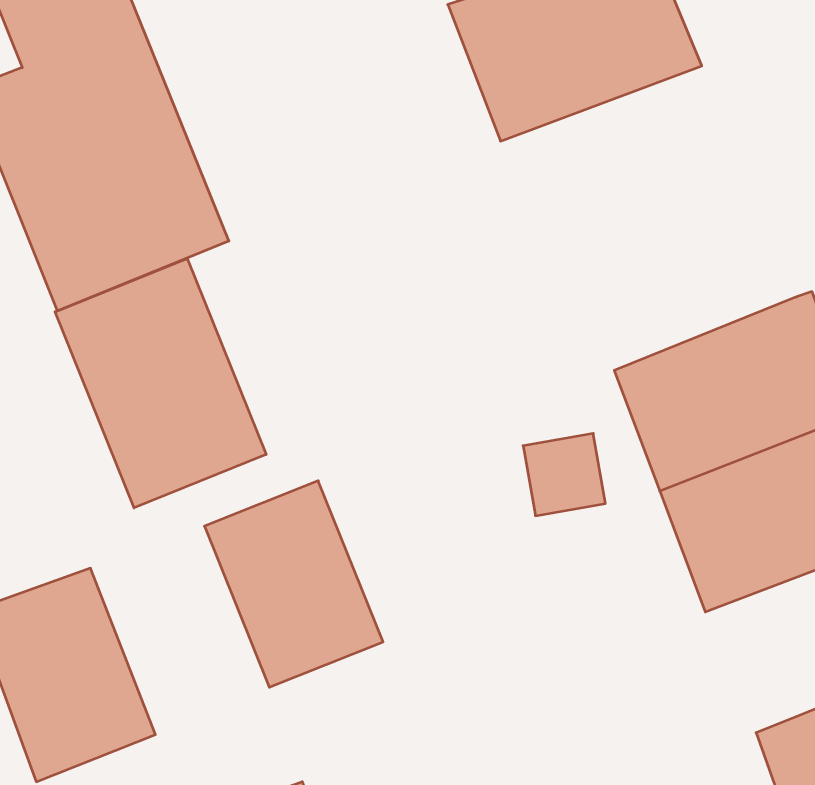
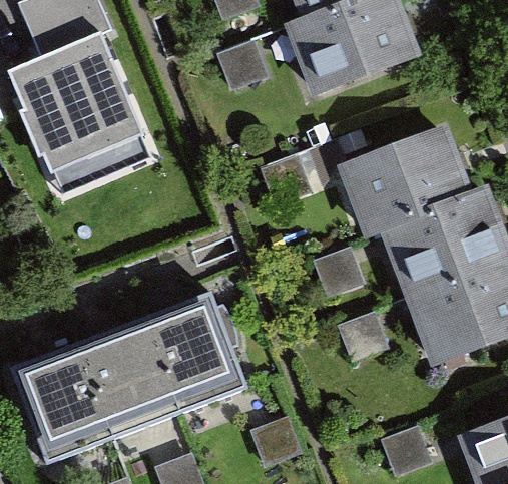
building: none -> [337,116,481,233]
building: [55,258,266,508] -> none
building: none -> [77,318,179,437]

